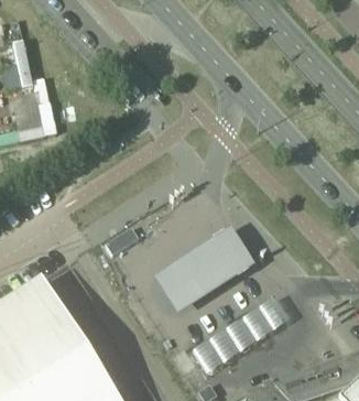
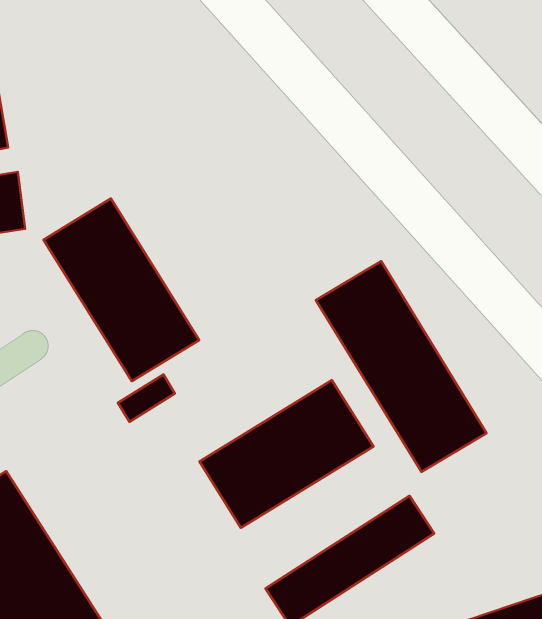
building: none -> [43,199,199,381]
building: none -> [316,261,486,472]

